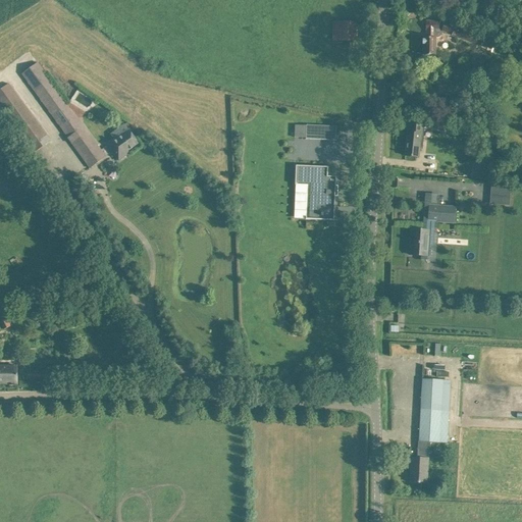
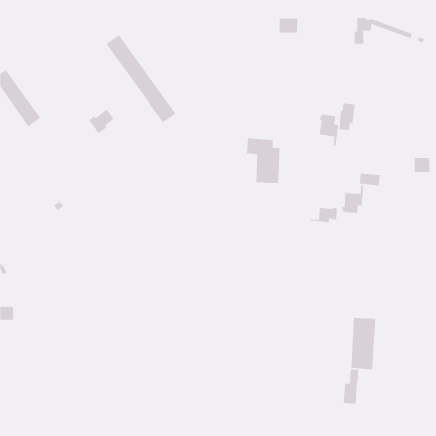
building: [20,61,105,167] -> [106,34,177,123]
building: [305,124,335,140] -> none
building: none -> [319,114,339,147]
building: none -> [310,207,338,223]

